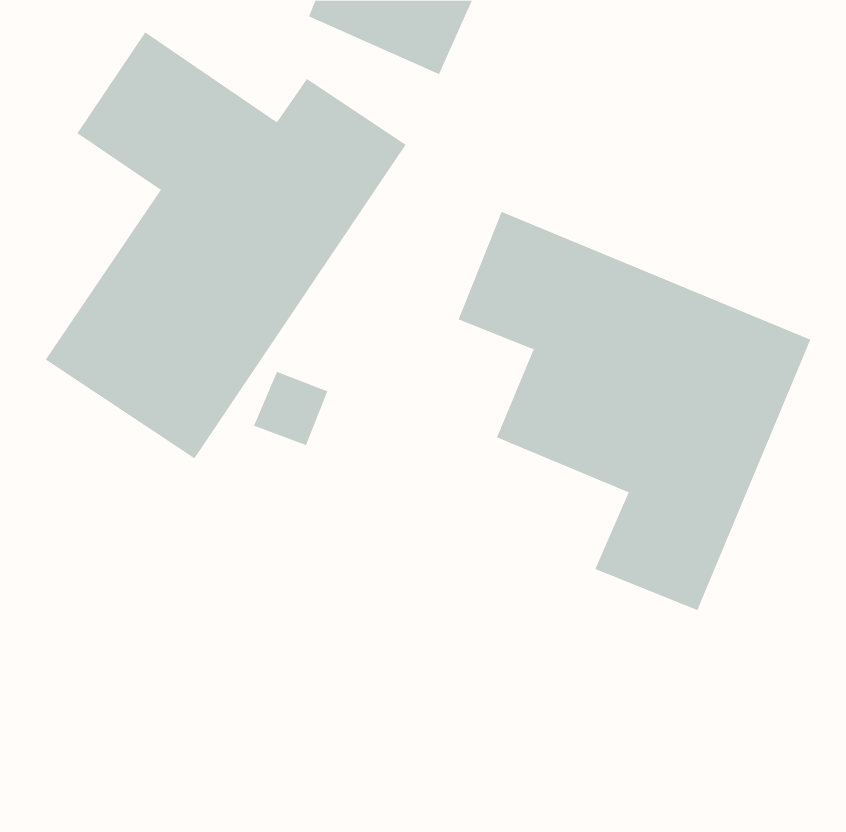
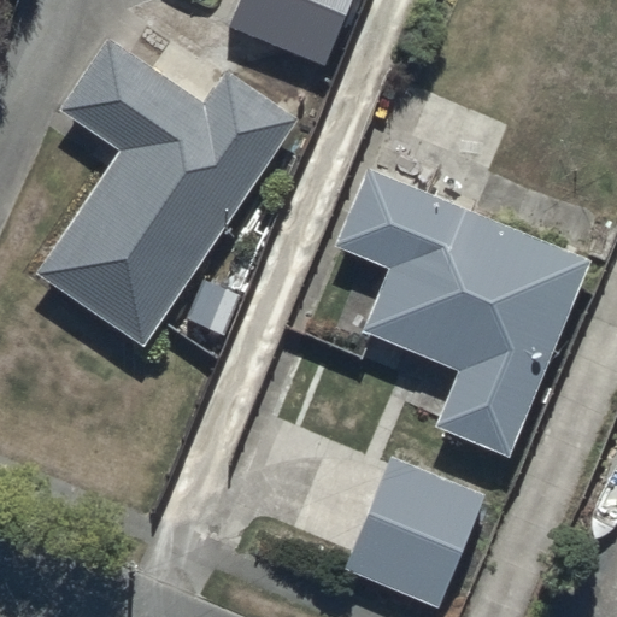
building: none -> [346,459,484,610]

